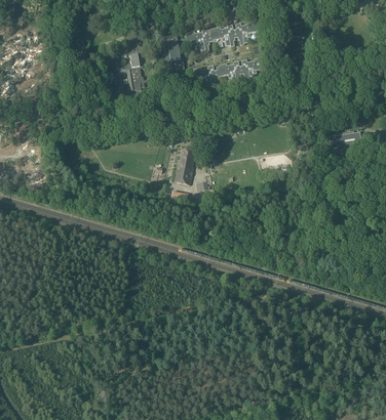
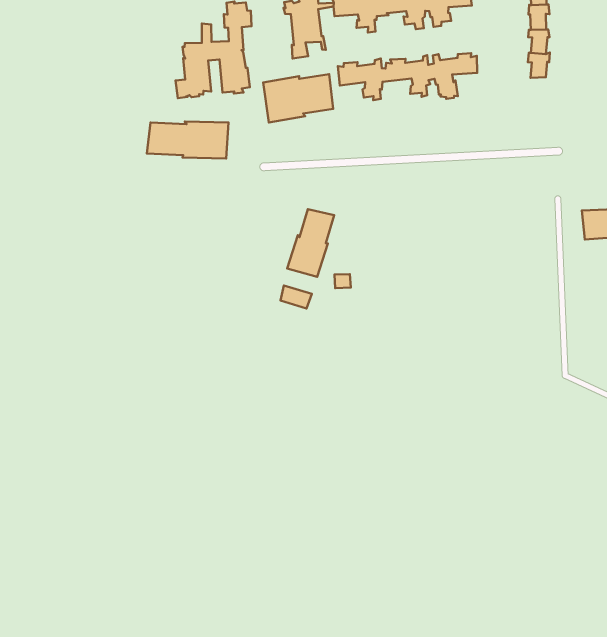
building: none -> [263,74,333,122]
building: none -> [147,121,228,159]

